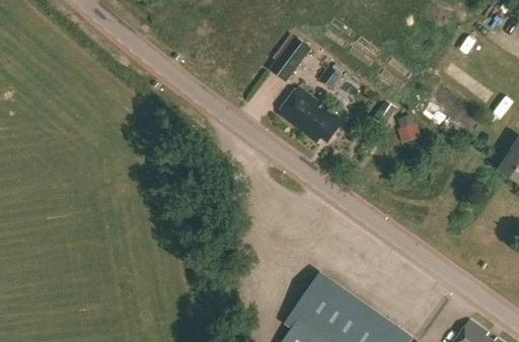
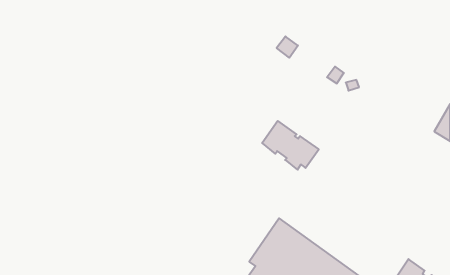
building: [269,35,309,80] -> none
building: [276,90,341,146] -> [262,121,319,170]

